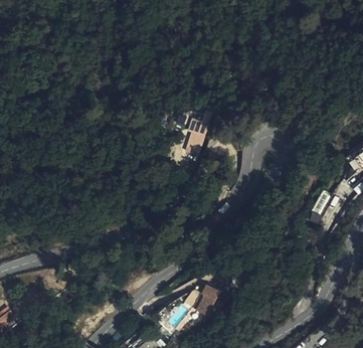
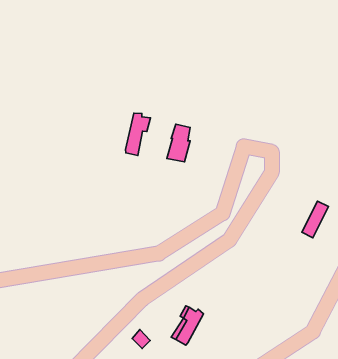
building: none -> [126,113,150,156]

